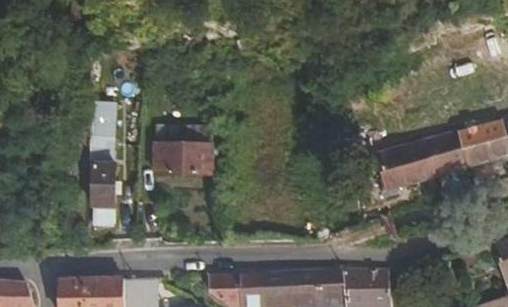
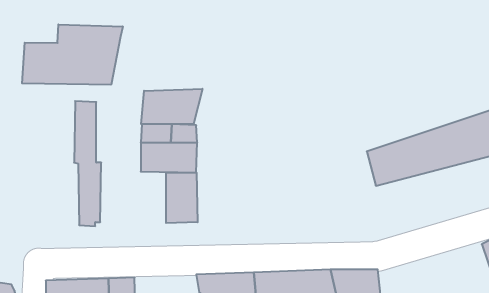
building: none -> [22,24,123,85]
building: none -> [141,89,202,124]
building: none -> [166,173,198,223]

